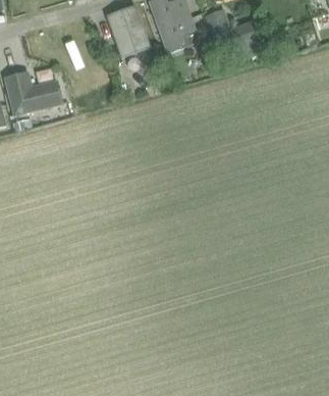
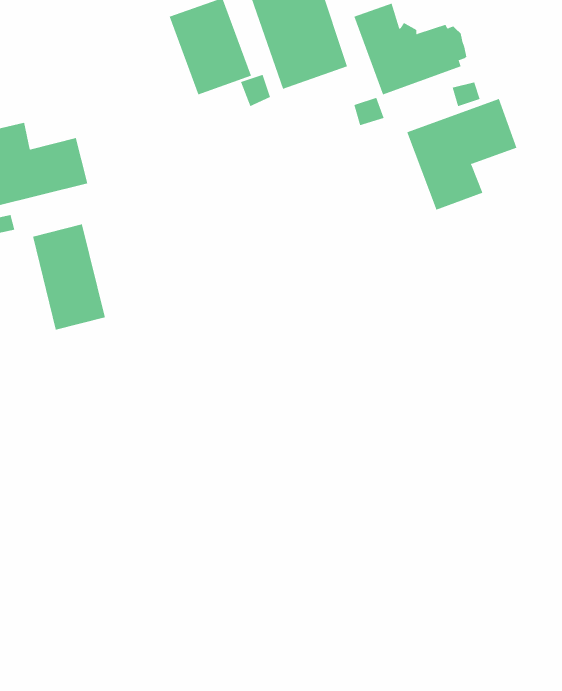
building: none -> [407,98,517,211]
building: none -> [32,223,105,331]

